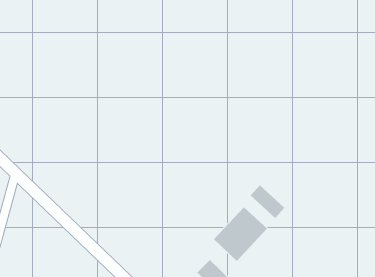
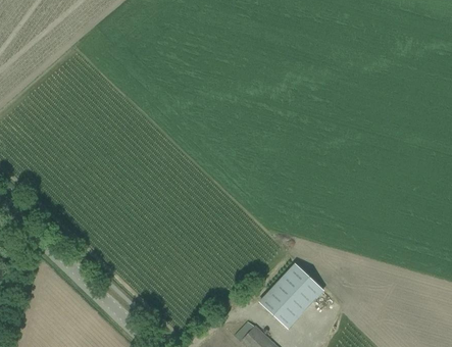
building: [250,184,285,219] -> none

